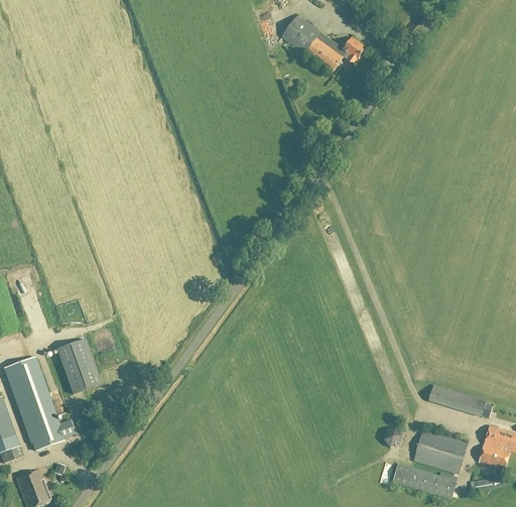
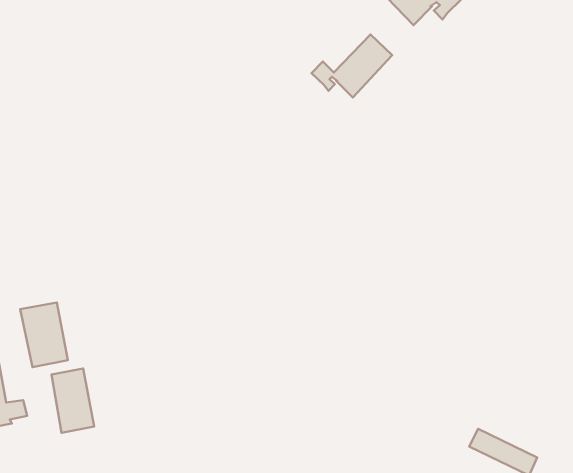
building: none -> [311,34,392,98]
building: none -> [51,369,94,433]

